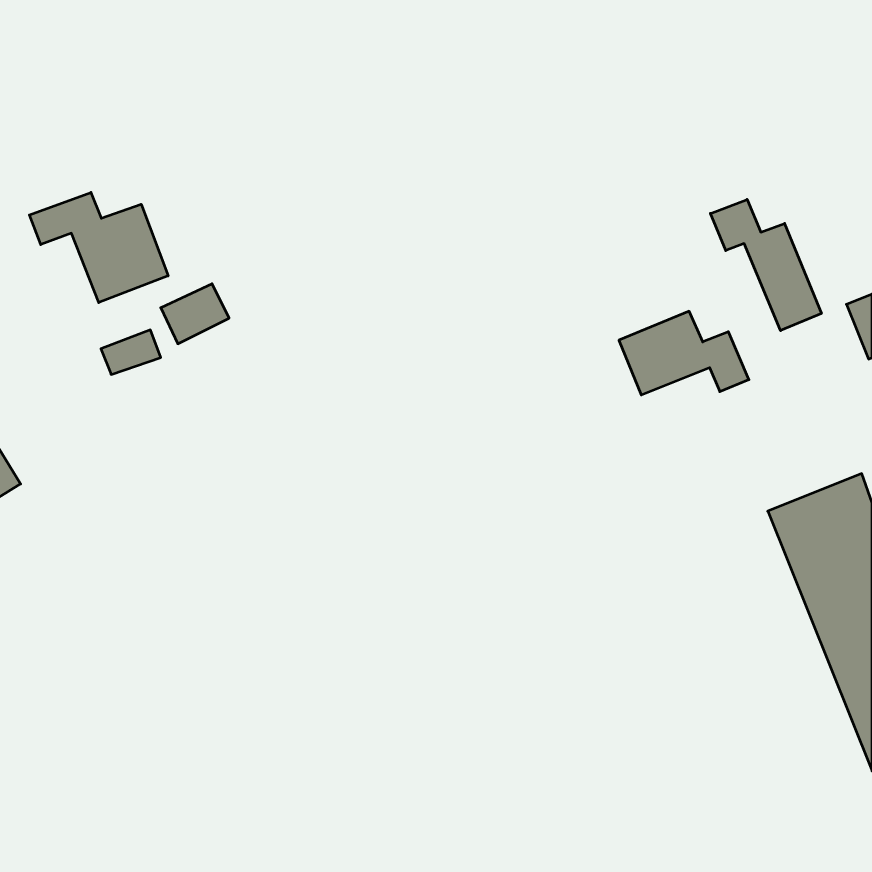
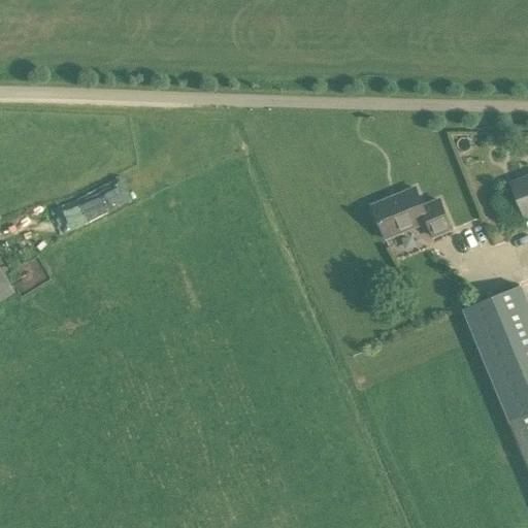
building: [29,192,168,303] -> none
building: [710,199,821,331] -> none

